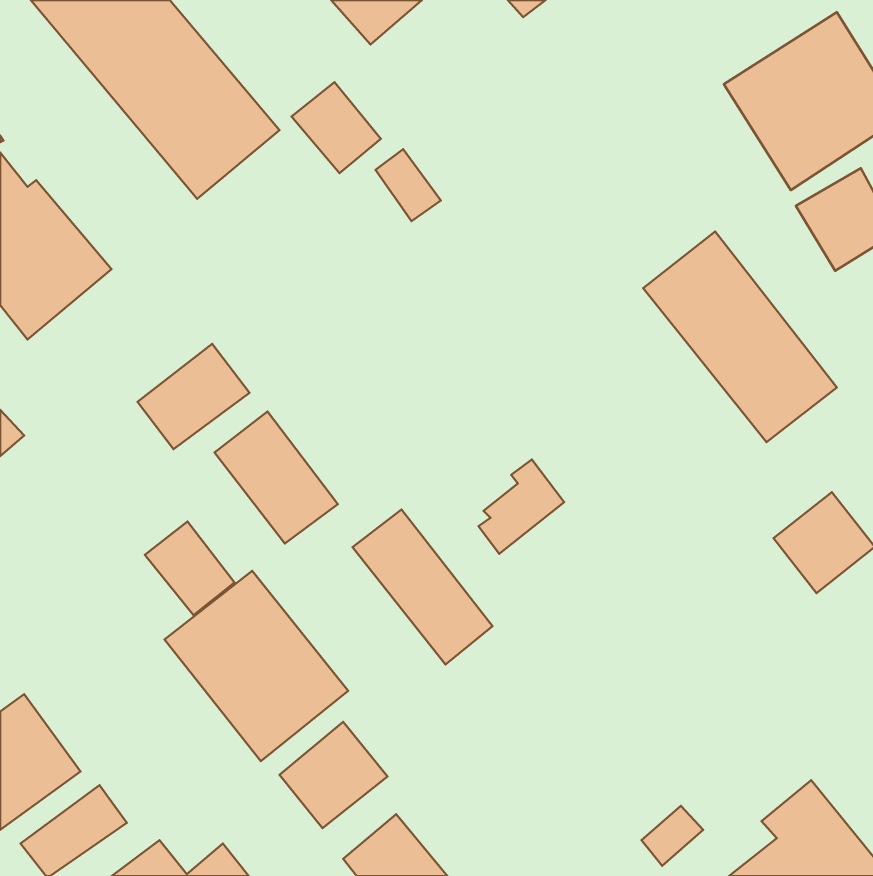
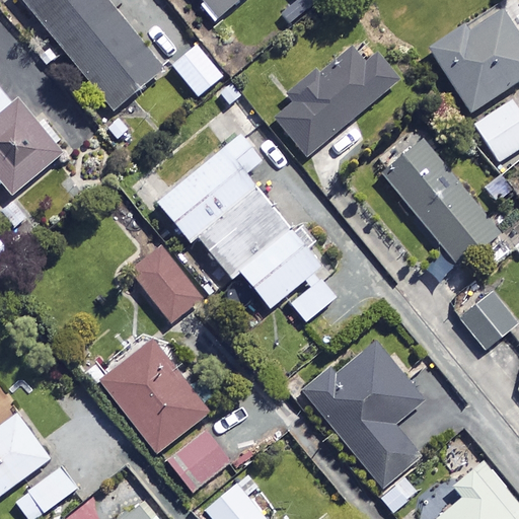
building: none -> [275,47,397,155]
building: none -> [157,133,318,302]
building: [137,344,249,449] -> none
building: [353,509,493,665] -> none
building: [145,521,235,615] -> none
building: none -> [304,342,422,487]

